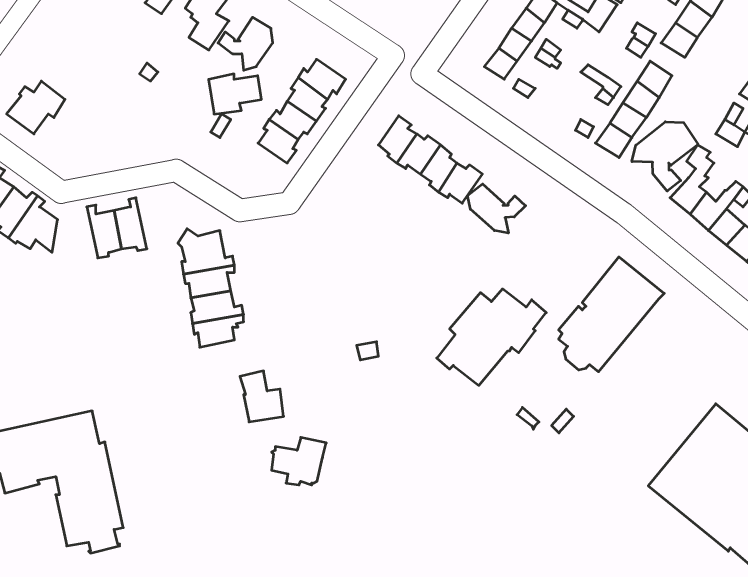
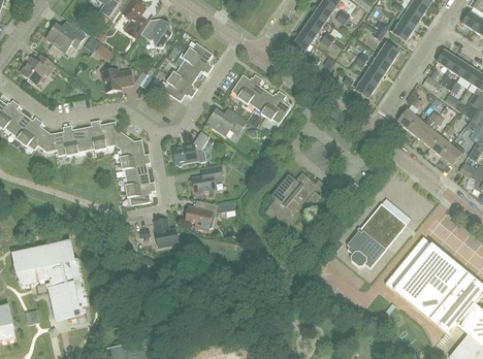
building: none -> [45,24,85,52]
building: [209,74,261,114] -> [102,68,132,91]
building: [632,122,698,191] -> none
building: none -> [208,107,246,134]
building: [468,184,526,233] -> none
building: none -> [94,119,123,149]
building: none -> [46,125,72,155]
building: none -> [172,131,210,165]
building: [559,257,664,372] -> [347,202,407,267]
building: none -> [192,165,223,193]
building: [272,437,326,485] -> [186,201,217,228]

